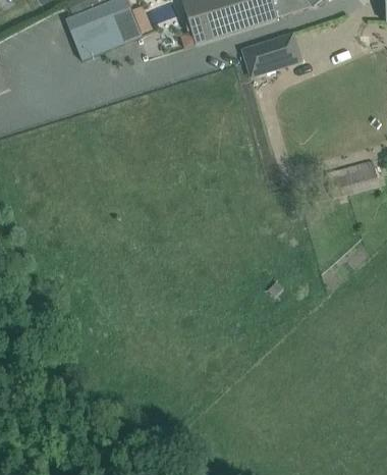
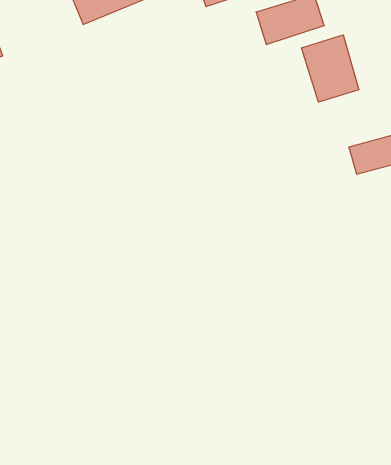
building: none -> [301,35,359,102]

